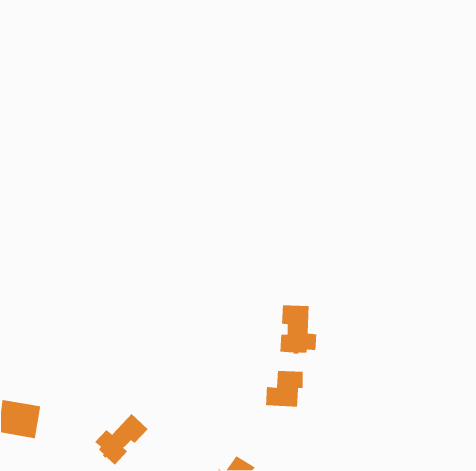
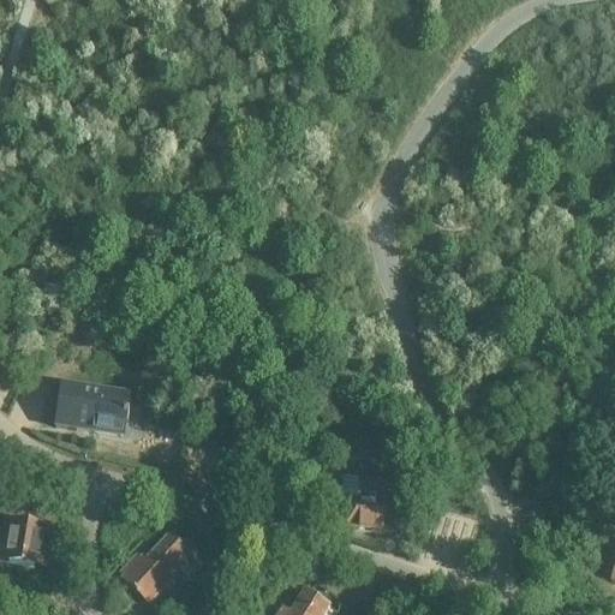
building: none -> [55,381,129,432]
building: [280,304,317,354] -> none

